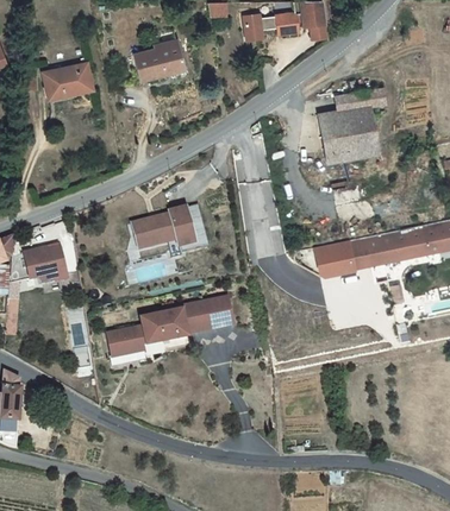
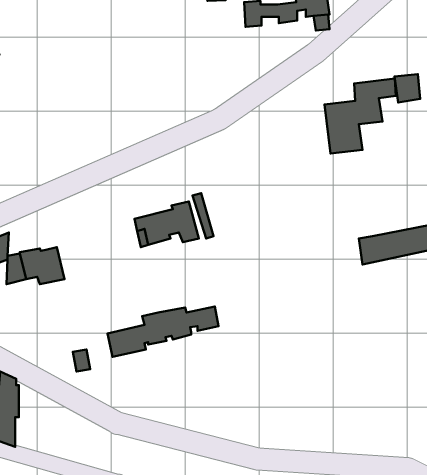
building: [131,42,182,82] -> none
building: [39,63,88,99] -> none
building: [351,128,376,156] -> [394,74,420,102]
building: [319,235,364,273] -> none
building: [182,295,233,326] -> none

